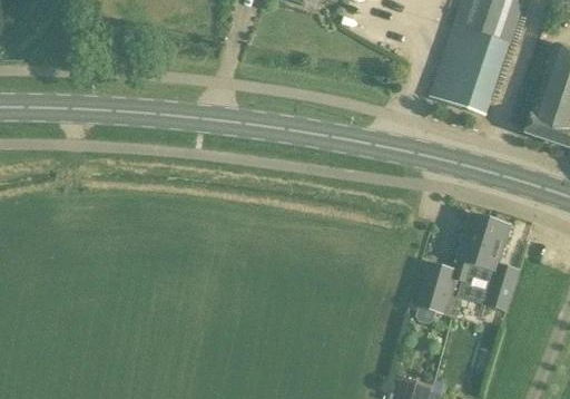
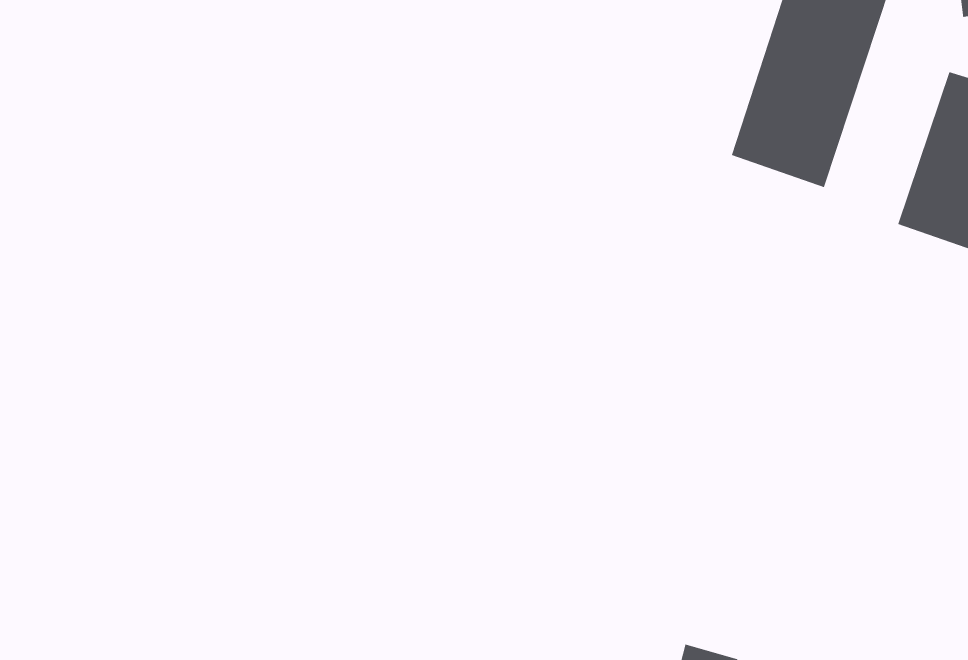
building: [417,212,518,323] -> none

